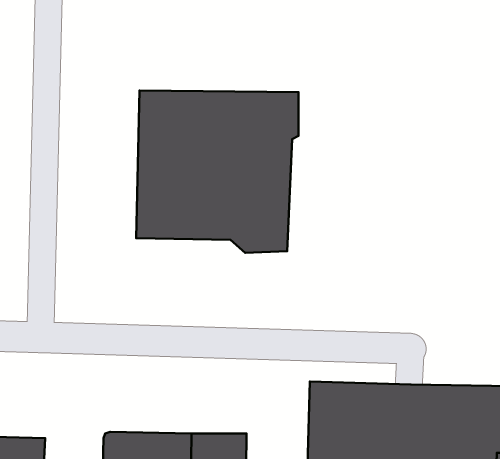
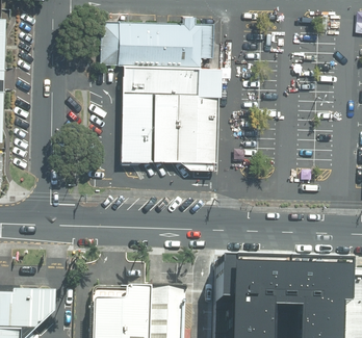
building: none -> [98,17,210,68]

